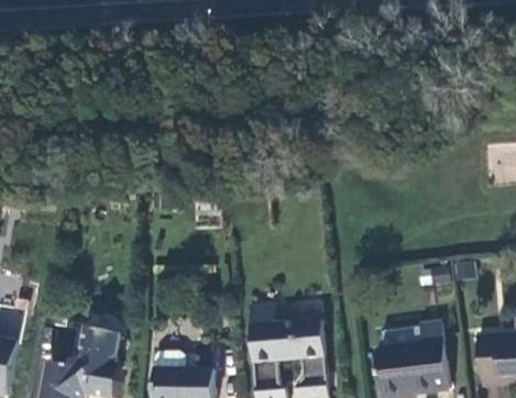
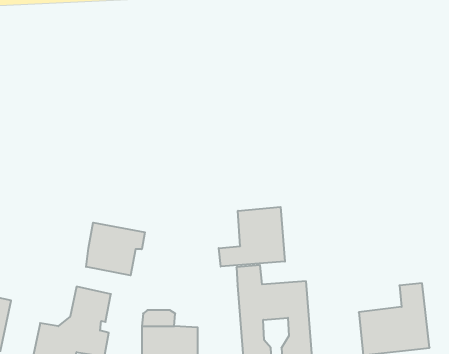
building: none -> [219,207,285,267]
building: none -> [86,223,145,275]

